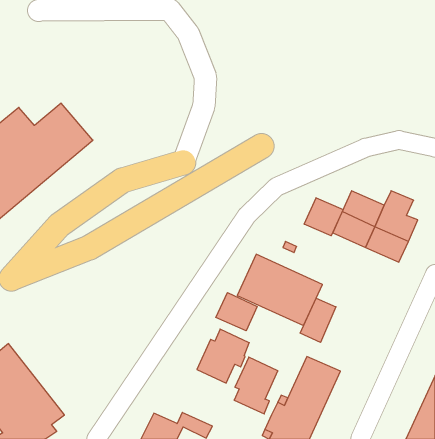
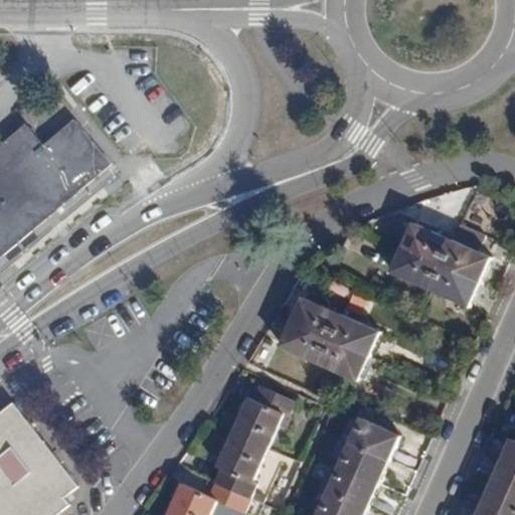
building: [304,198,343,236] -> none
building: [216,293,257,331] -> none
building: [300,298,336,342] -> none
building: [234,357,278,414] -> [213,433,265,499]

